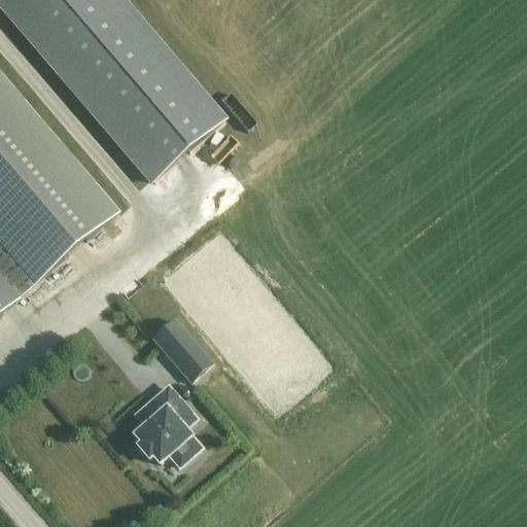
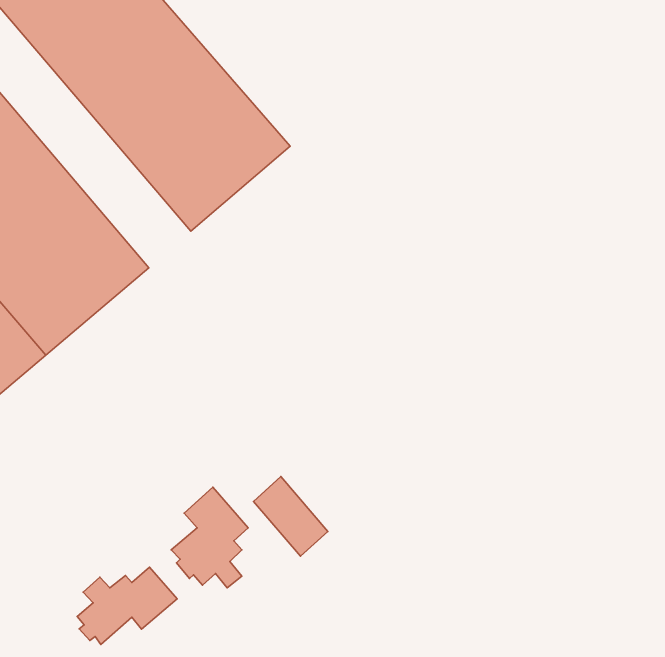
building: [153,317,212,380] -> [254,477,328,556]
building: none -> [77,567,177,645]

